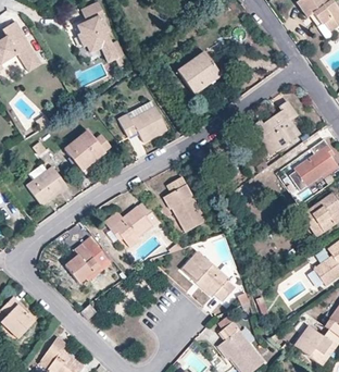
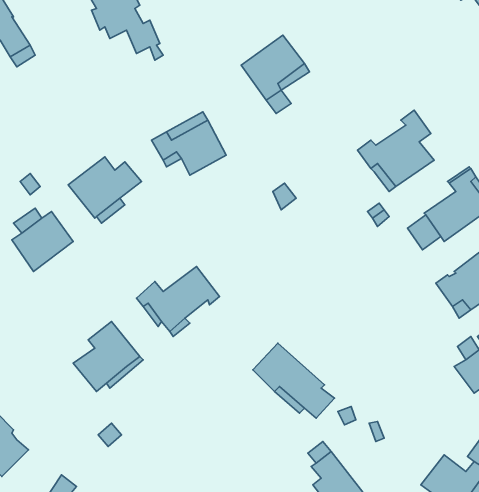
building: [165,177,208,233] -> none

